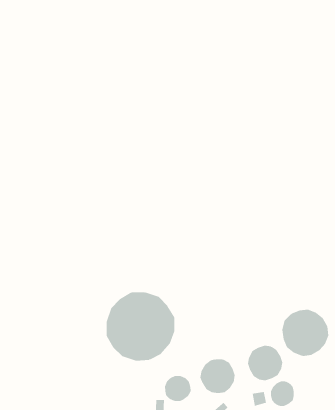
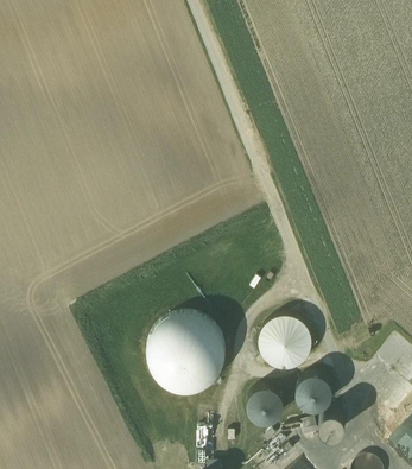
building: [282,309,329,356] -> [260,317,309,366]
building: [164,375,191,402] -> none

